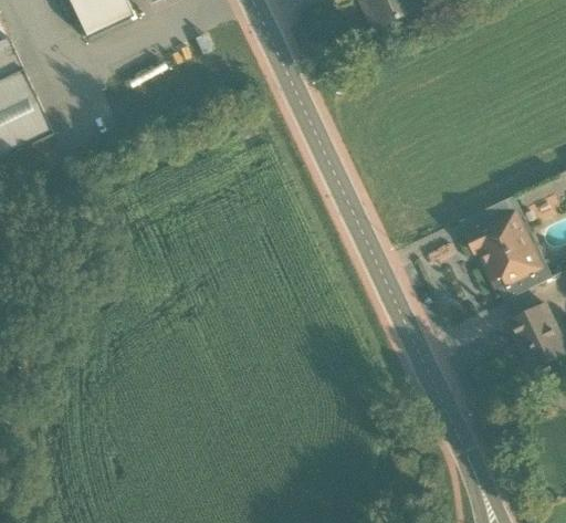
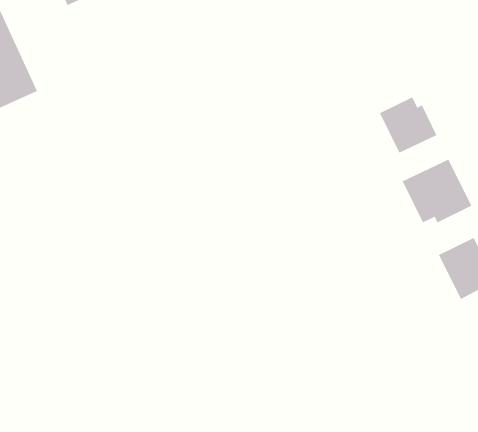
building: none -> [379,96,437,154]

